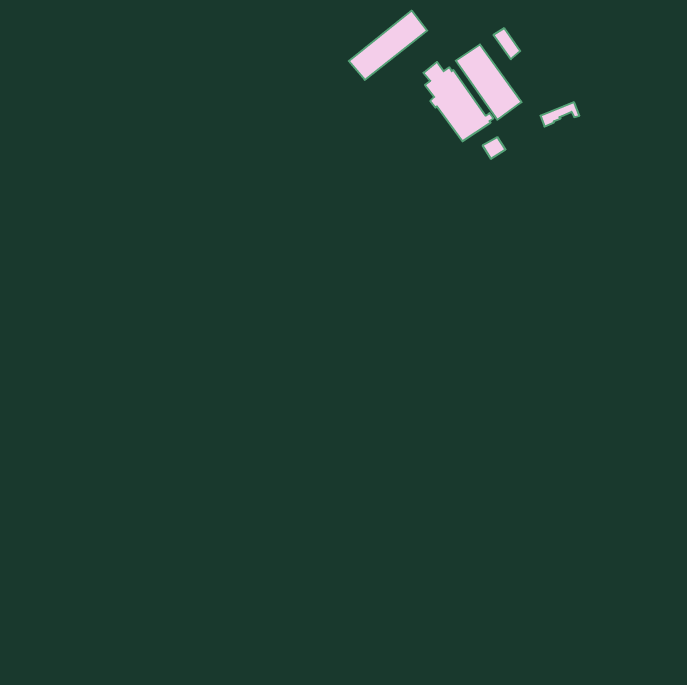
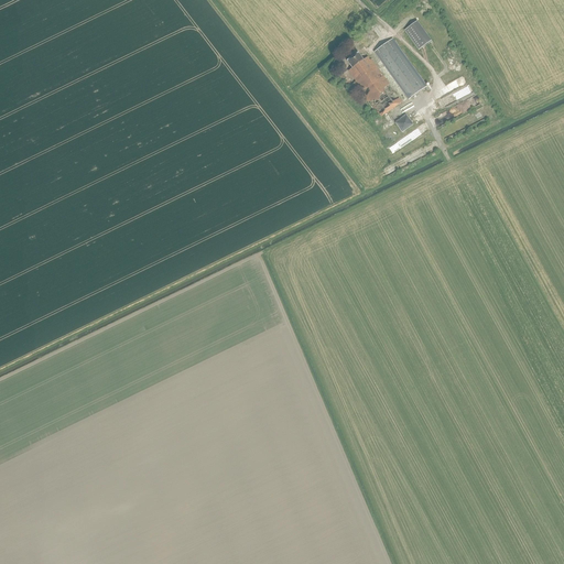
building: [349,11,427,80] -> none

